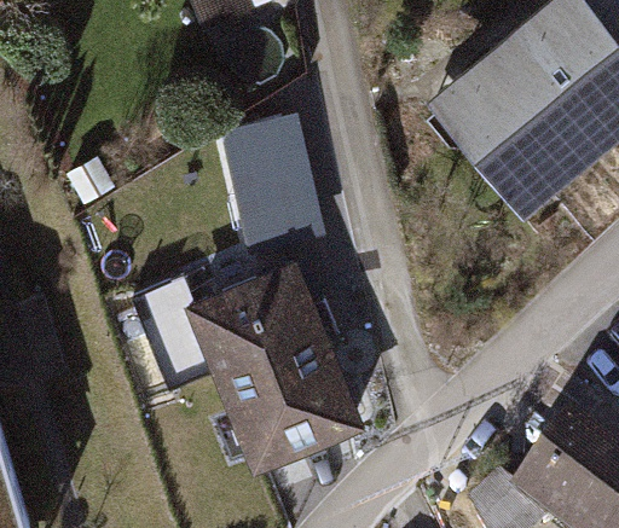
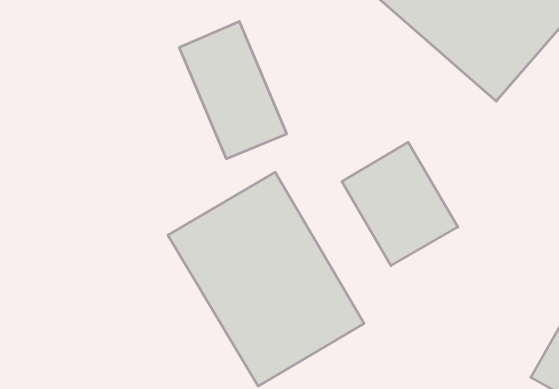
building: none -> [342,142,458,266]

